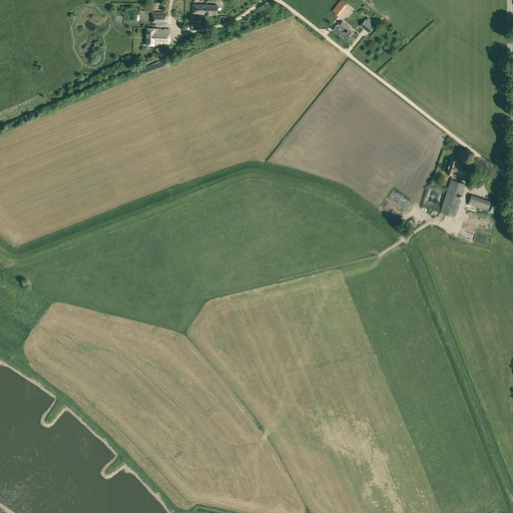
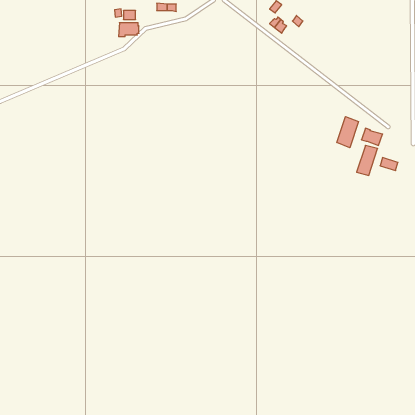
building: none -> [337,117,358,148]

